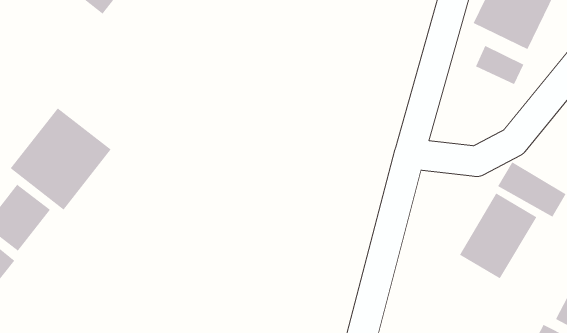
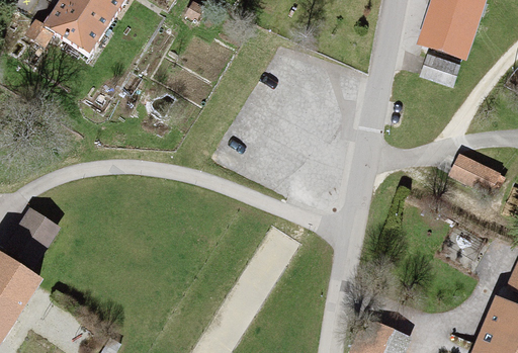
building: [10,107,111,210] -> none
building: [459,193,537,279] -> none

